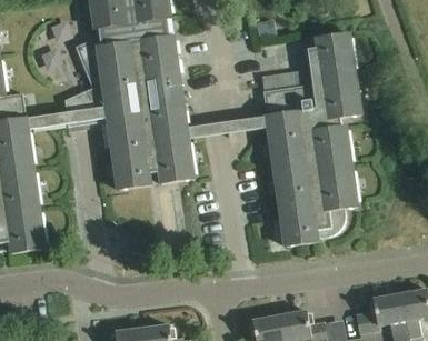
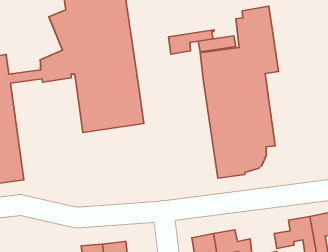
building: none -> [169,30,214,54]

